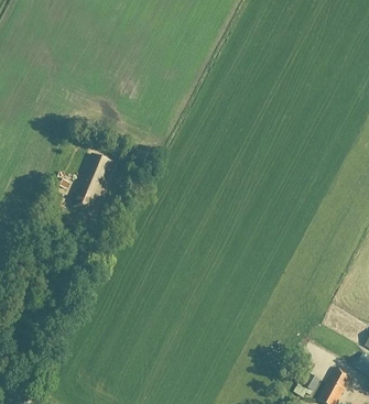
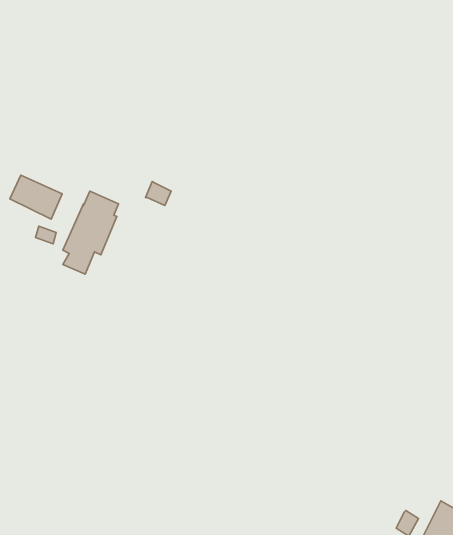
building: none -> [10,175,62,219]

